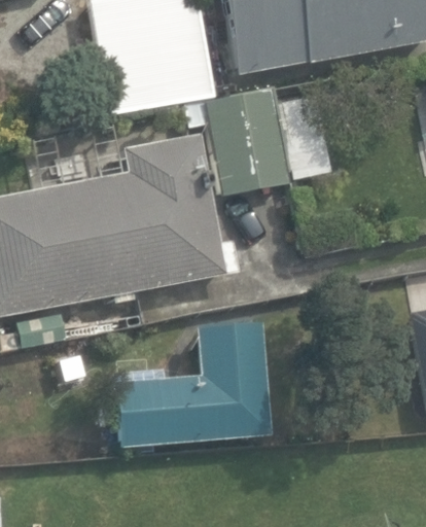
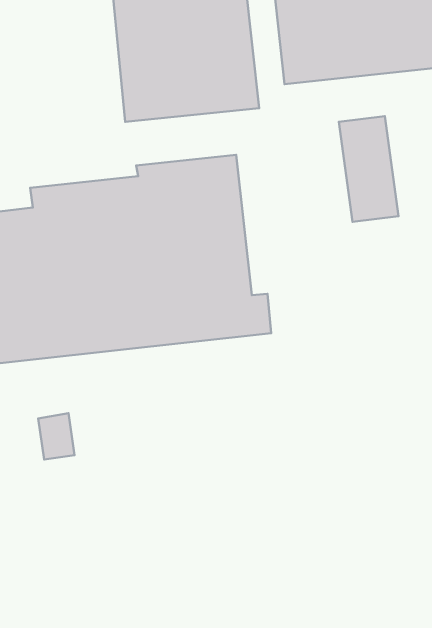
building: [205,90,290,196] -> none
building: [113,321,270,447] -> none

